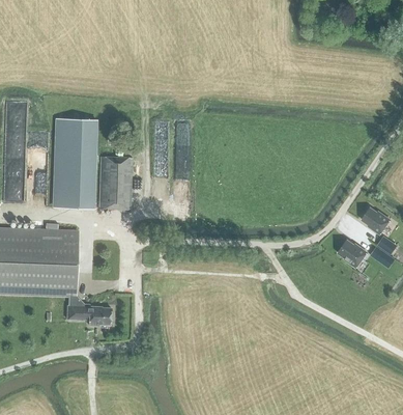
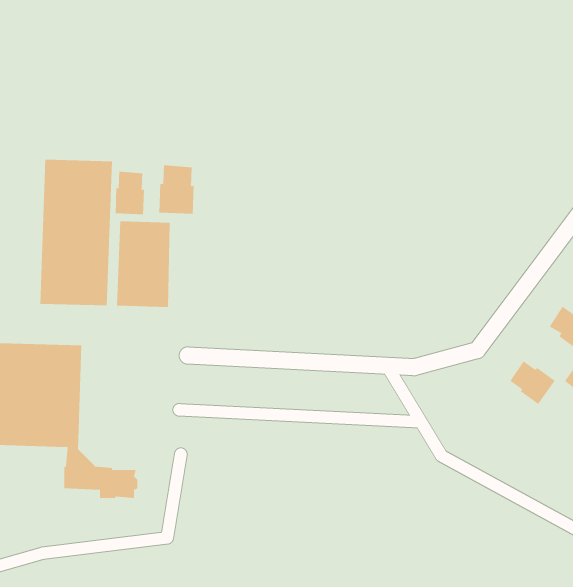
building: none -> [159,165,194,215]
building: none -> [115,171,144,215]

